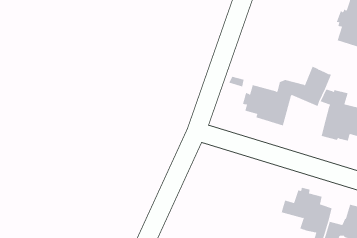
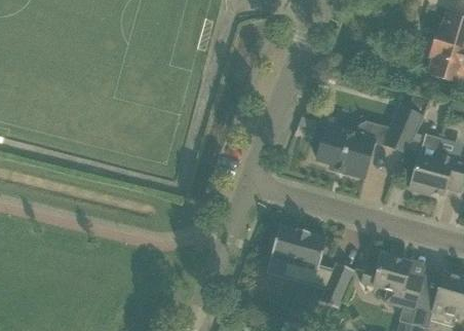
building: none -> [270,226,355,308]

